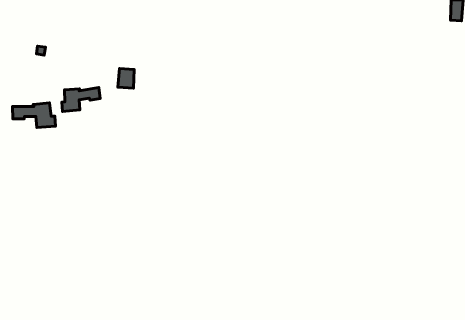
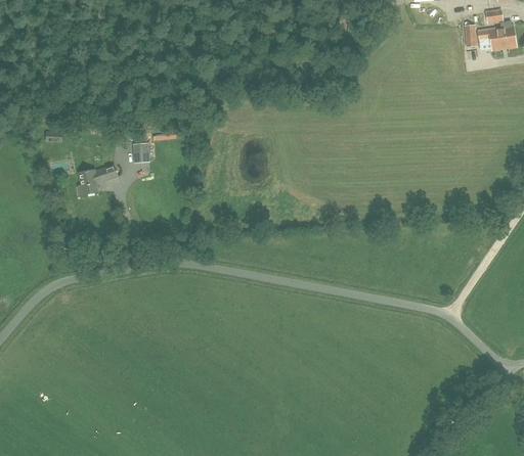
building: [13,103,56,128] -> none

